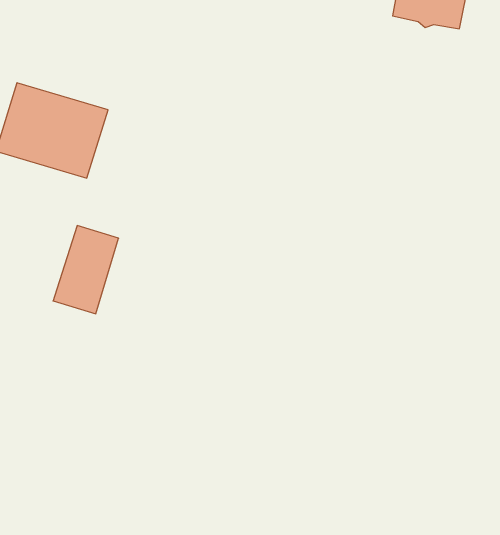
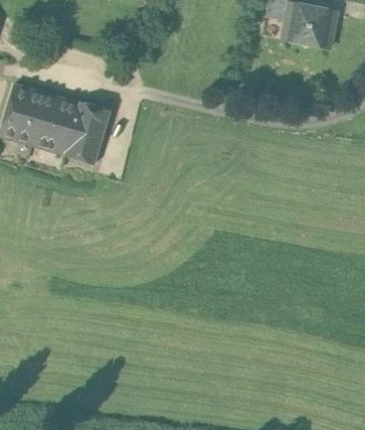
building: [53,226,119,314] -> [64,103,111,165]

